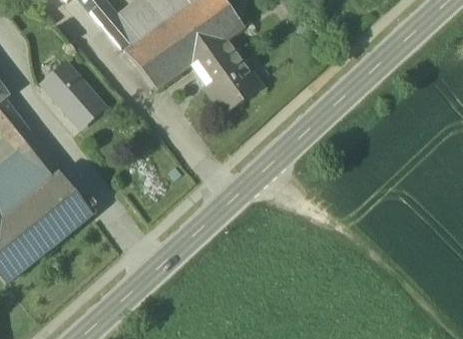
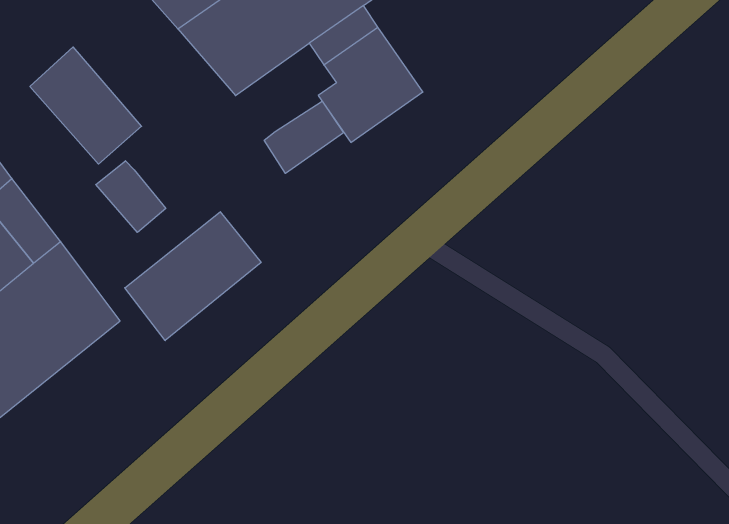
building: none -> [264,101,344,173]
building: none -> [96,161,166,232]
building: none -> [125,212,261,341]

